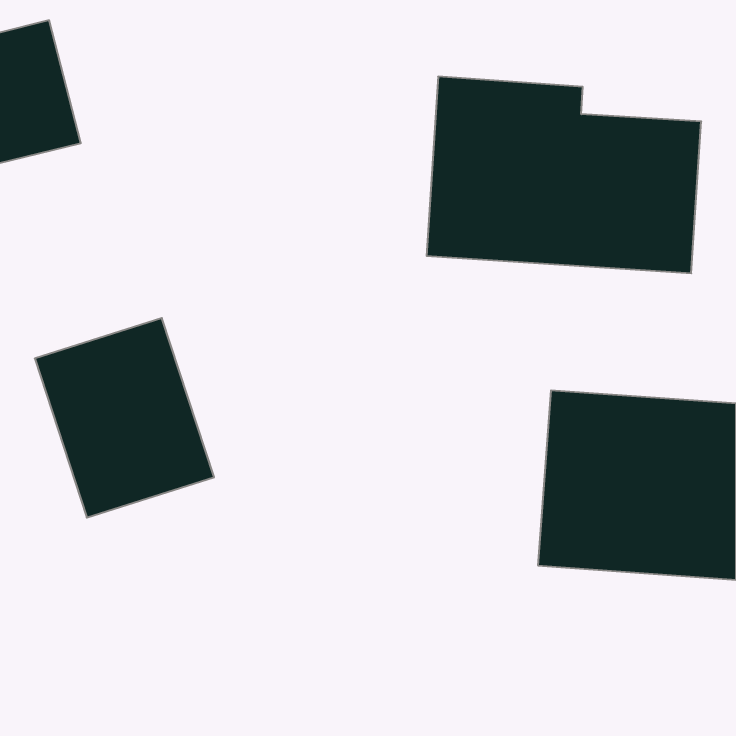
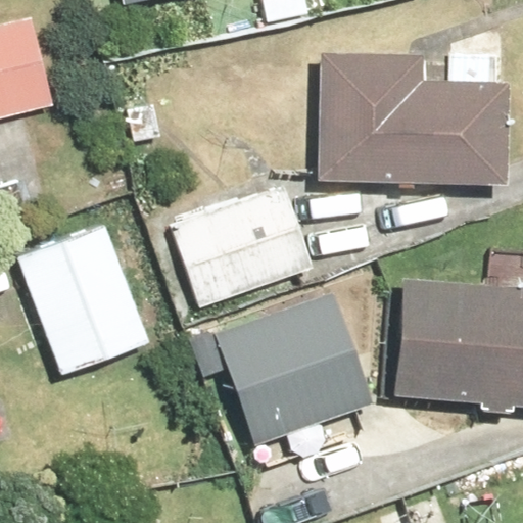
building: none -> [172,184,315,306]
building: none -> [220,291,374,440]

